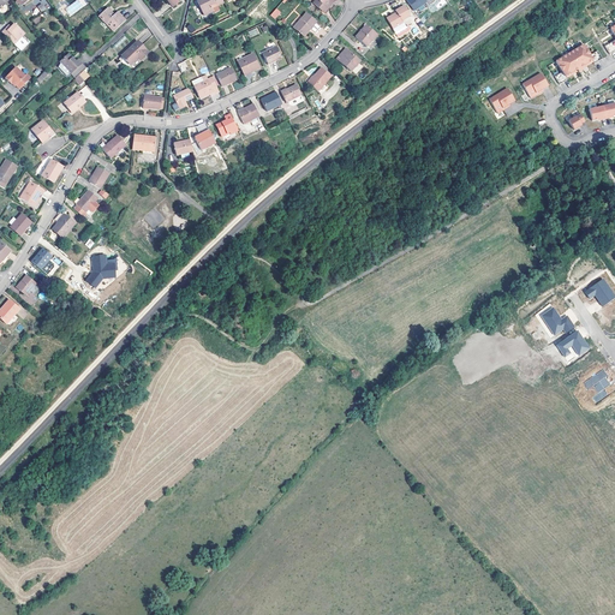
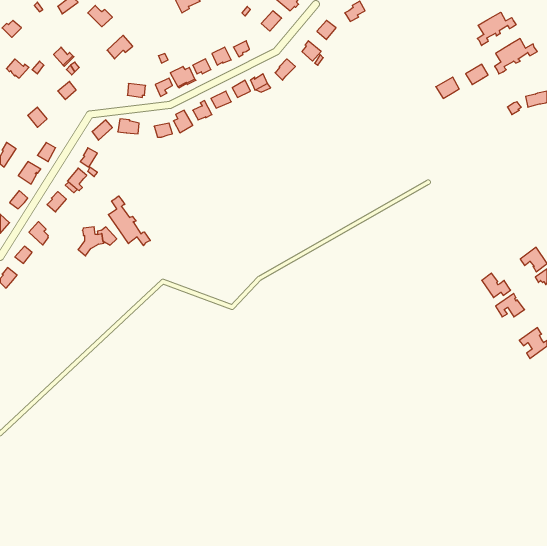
building: none -> [477,12,516,46]
building: none -> [108,196,150,246]

